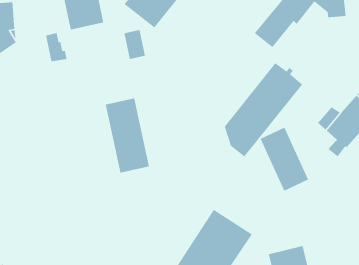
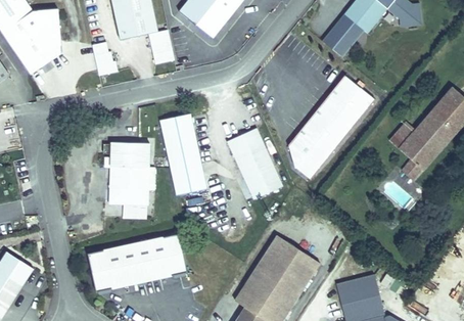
building: [123,29,146,60] -> [149,30,174,63]
building: none -> [109,141,150,219]
building: [260,126,309,192] -> [228,128,282,199]
building: none -> [88,233,188,291]

